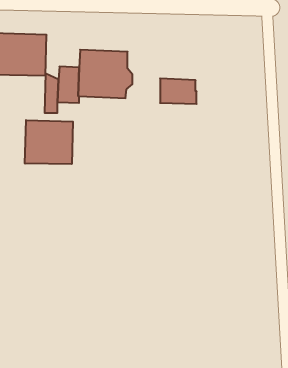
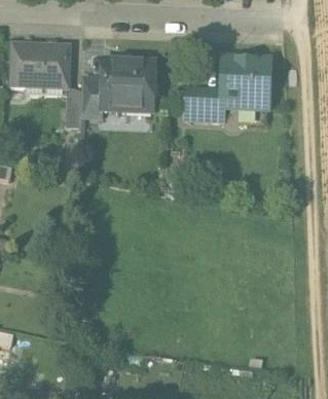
building: none -> [224,59,266,103]
building: [25,120,73,164] -> none

